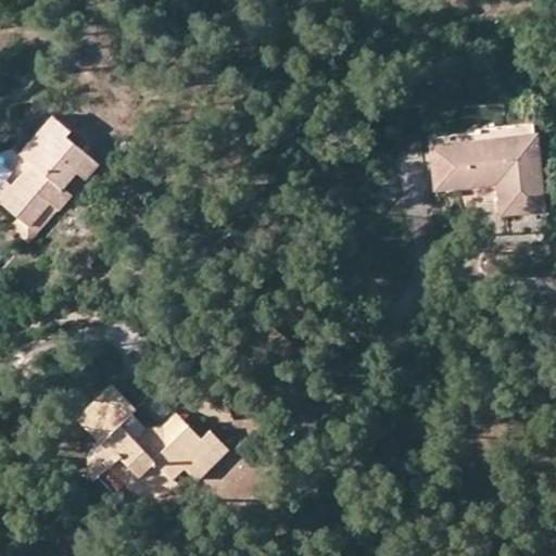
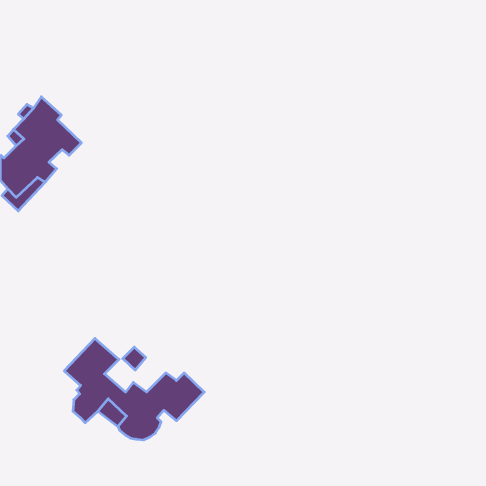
building: [433,132,542,216] -> none
building: [123,413,192,448] -> none

